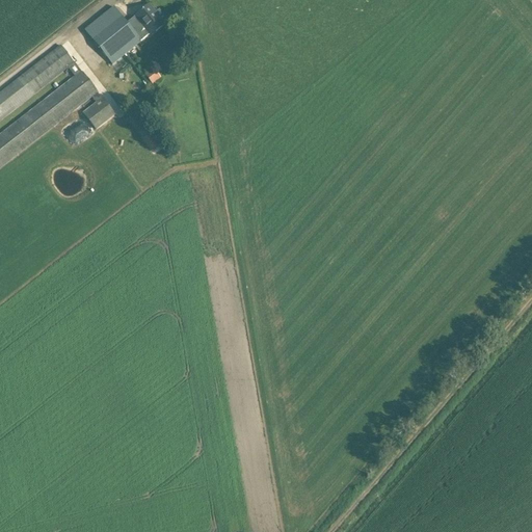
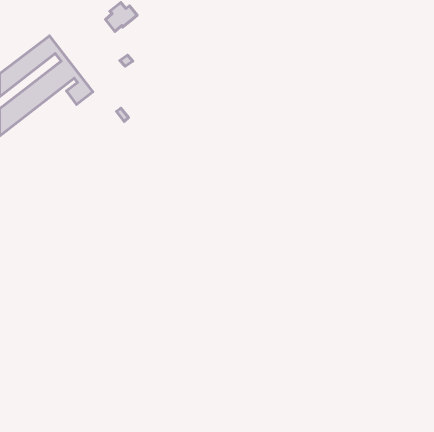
building: [84,5,140,62] -> none

